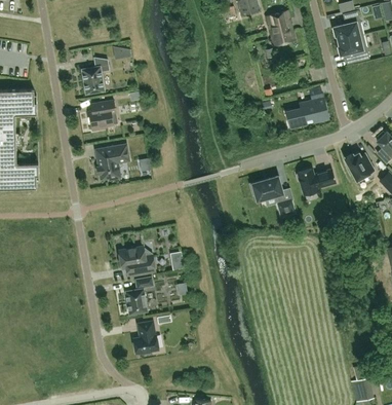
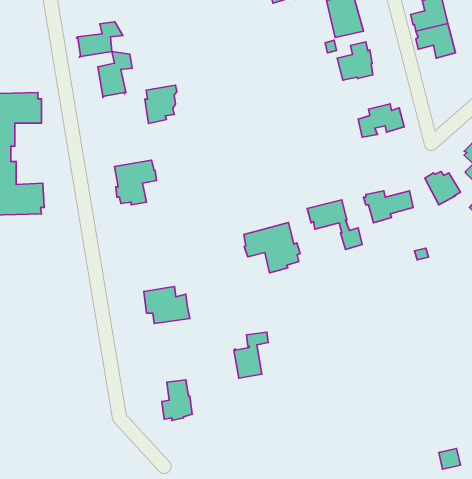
building: none -> [77,22,123,57]
building: none -> [337,42,373,80]
building: [89,100,115,131] -> [145,85,177,123]
building: none -> [244,223,300,273]
building: [125,277,153,314] -> [234,332,268,378]

